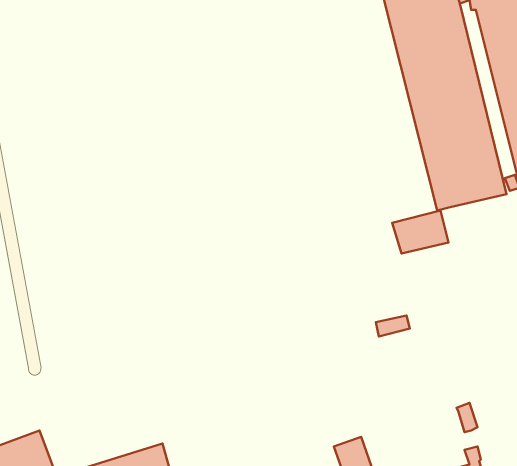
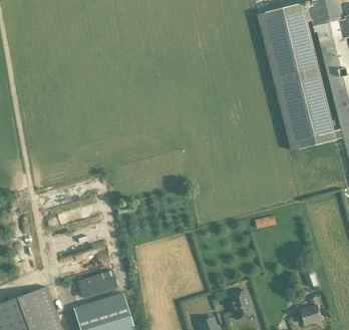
building: [392,211,448,254] -> none
building: none -> [77,269,118,299]

